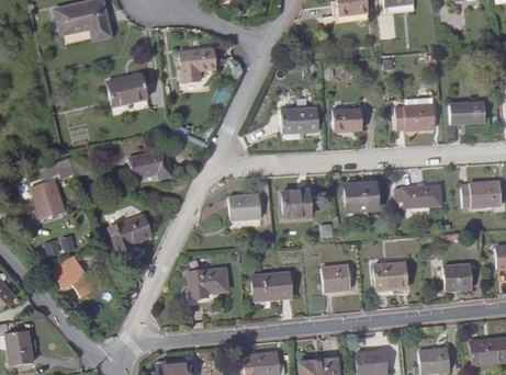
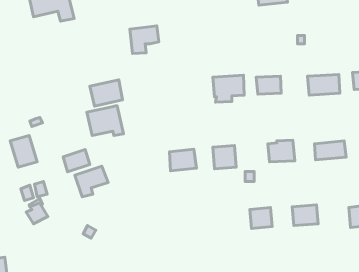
building: [110,79,149,111] -> [90,80,122,106]
building: none -> [63,149,90,172]
building: [187,269,227,299] -> none
building: [251,274,292,300] -> none

